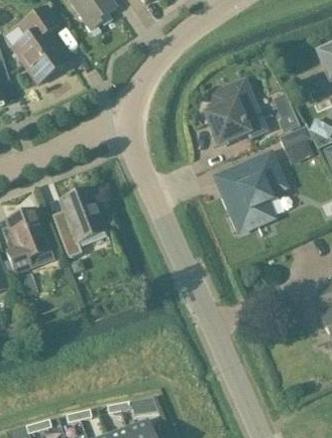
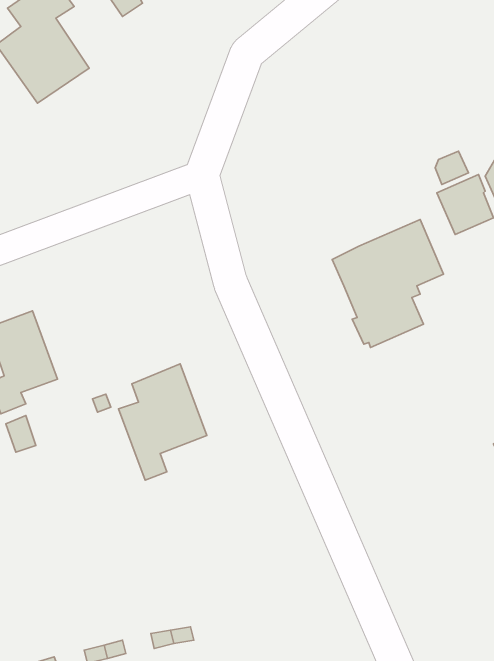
building: [202,79,266,144] -> none
building: [52,186,106,257] -> [119,364,207,480]

